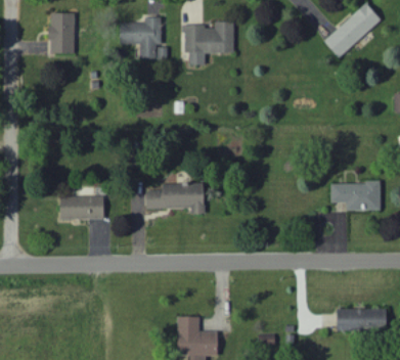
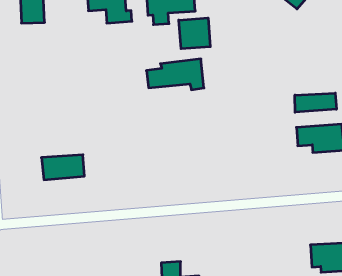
building: none -> [179,18,210,49]
building: none -> [295,93,336,112]
building: [145,182,205,214] -> [146,59,204,90]

